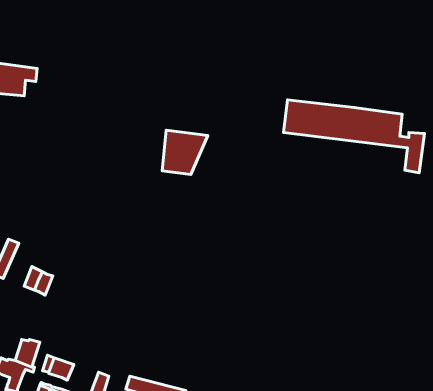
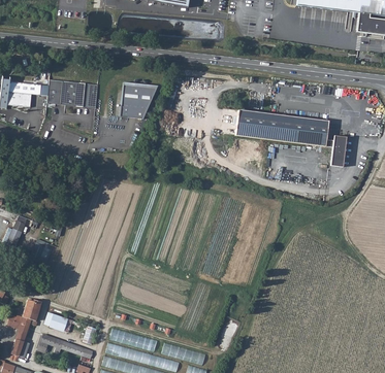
building: none -> [46,78,98,107]
building: [162,130,208,175] -> [120,83,156,118]

